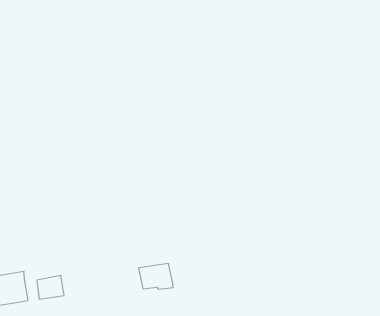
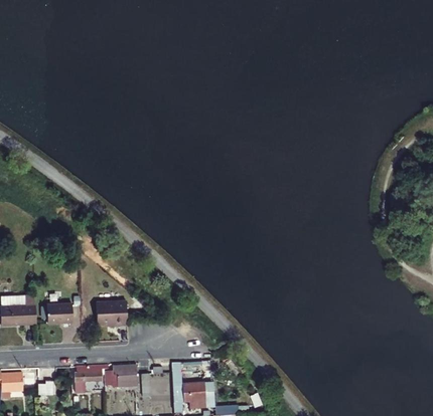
building: [139,264,173,289] -> [96,300,128,325]

